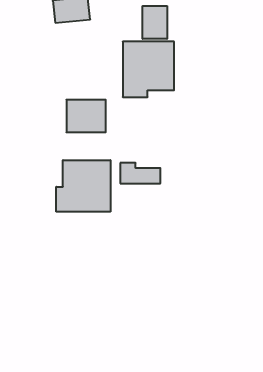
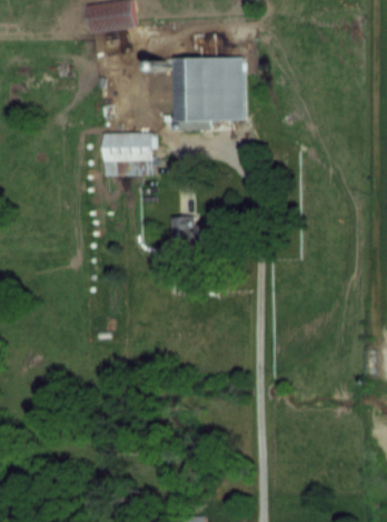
building: [143,6,167,39] -> none
building: [56,160,110,212] -> none

